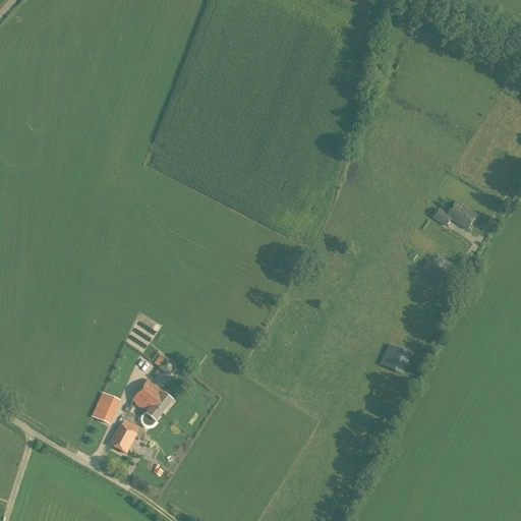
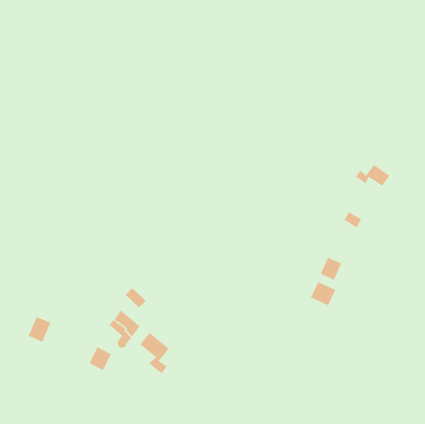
building: none -> [320,257,342,281]
building: [92,392,120,423] -> [28,317,51,342]
building: none -> [140,332,170,374]

